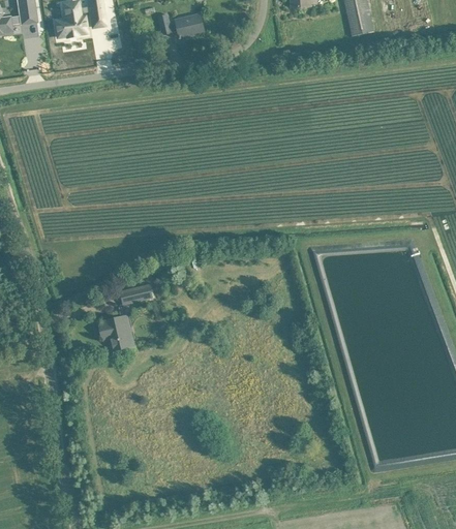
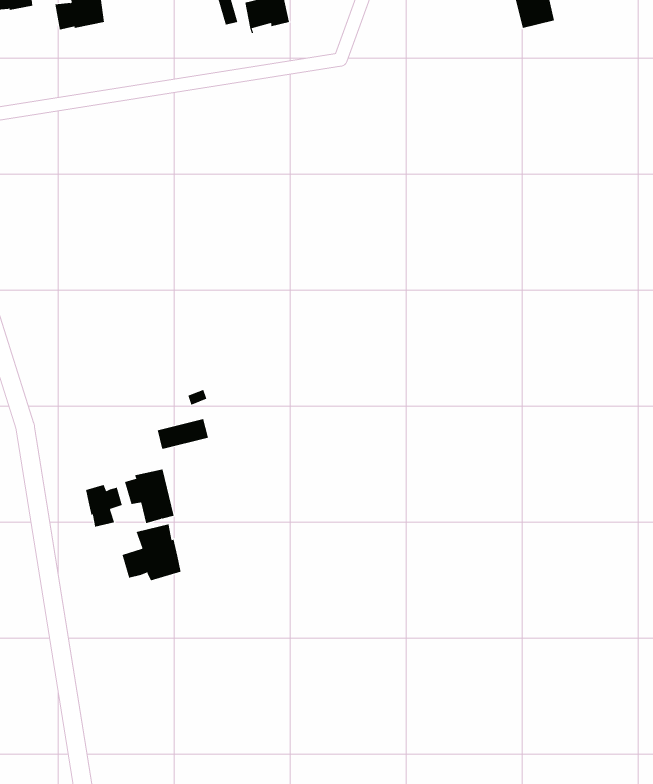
building: none -> [85,484,123,528]
building: none -> [122,523,181,581]

